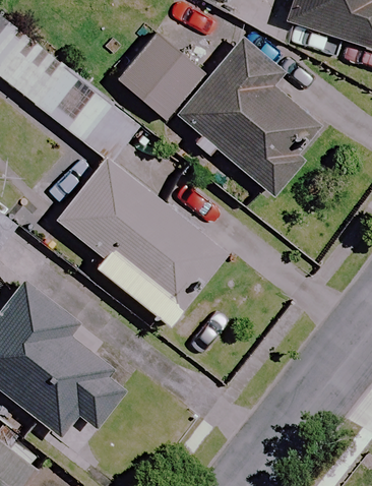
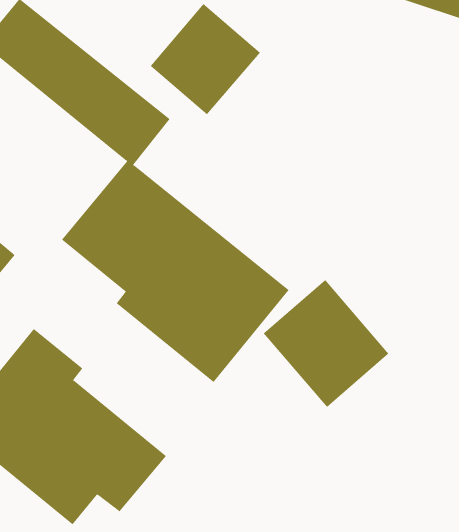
building: [178,40,309,198] -> none
building: none -> [263,279,389,408]

